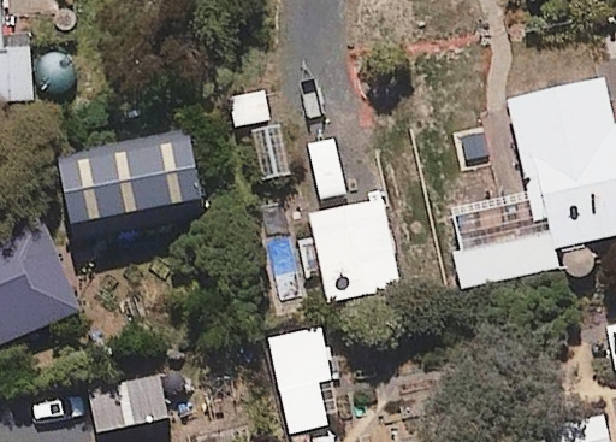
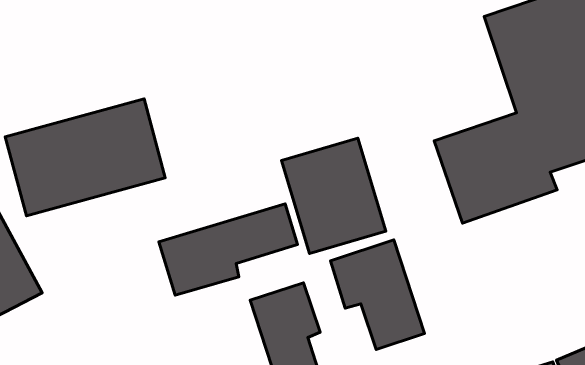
building: none -> [159,204,298,295]
building: none -> [330,240,425,349]

